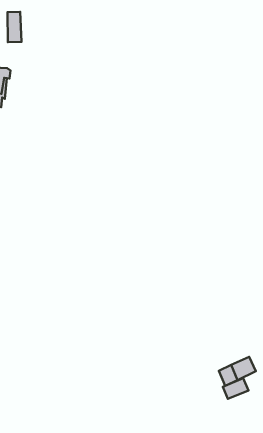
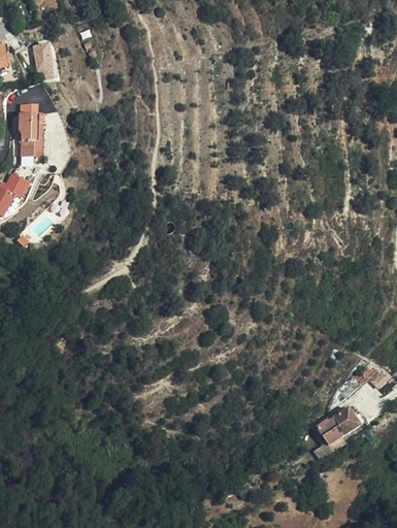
building: [223,378,249,399] -> none

